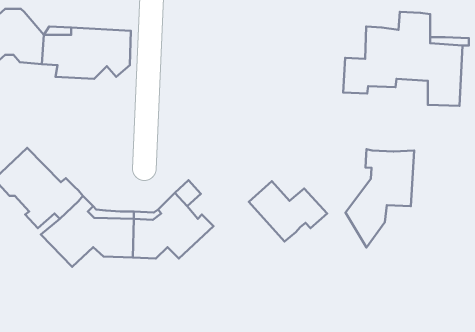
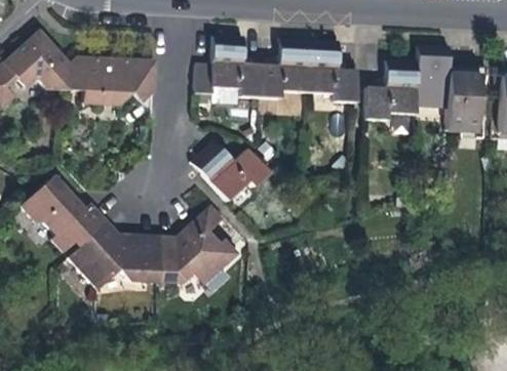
building: none -> [196,34,357,101]
building: [345,149,414,247] -> none
building: [249,181,327,242] -> [193,140,270,200]

